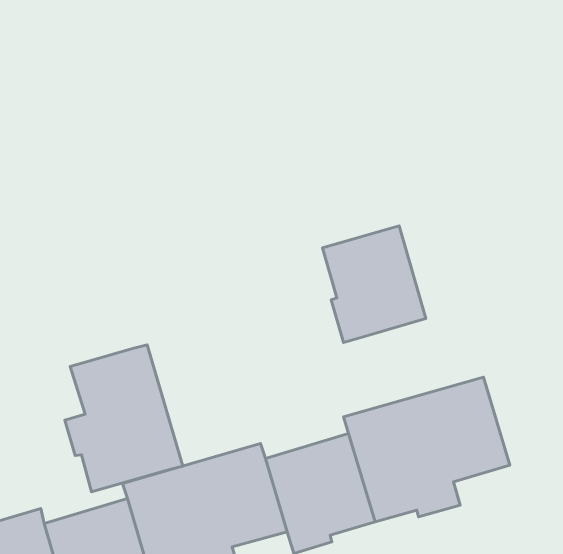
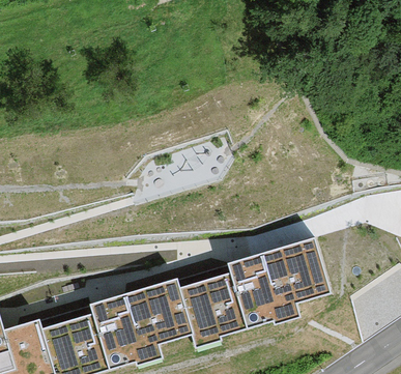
building: [322,226,426,342] -> none
building: [65,345,183,492] -> none

